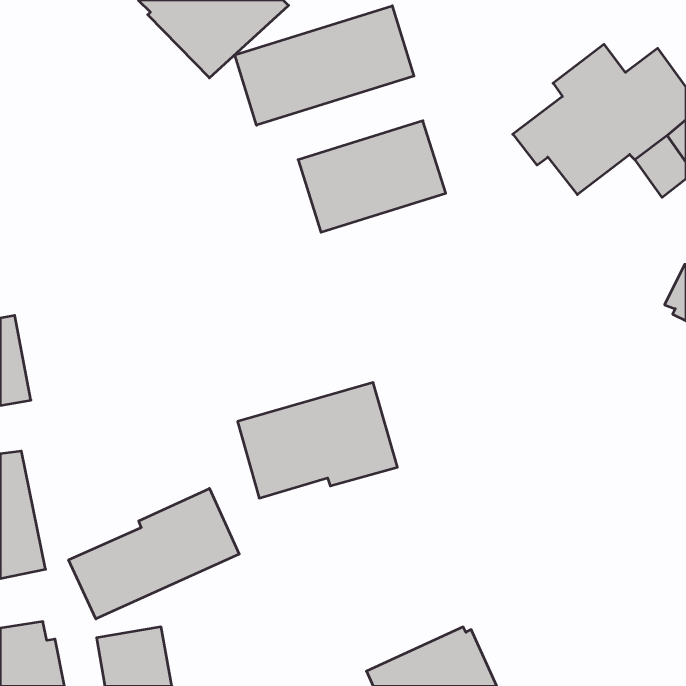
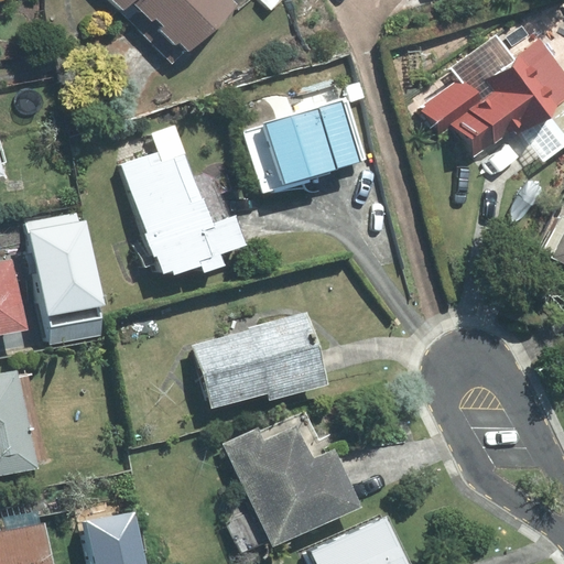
building: [235,6,414,125] -> none
building: none -> [124,126,245,275]
building: none -> [23,212,100,344]
building: [69,488,239,619] -> none
building: none -> [223,411,361,557]

